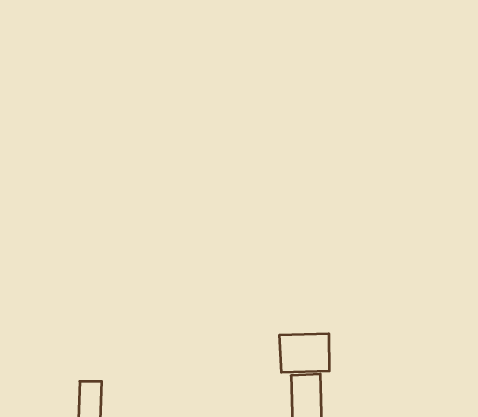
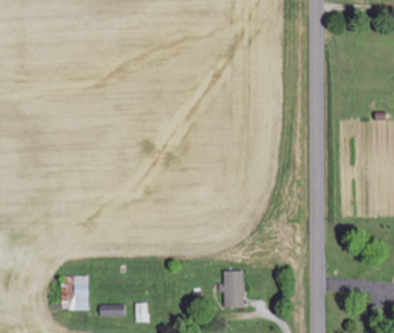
building: [280,334,329,372] -> none

